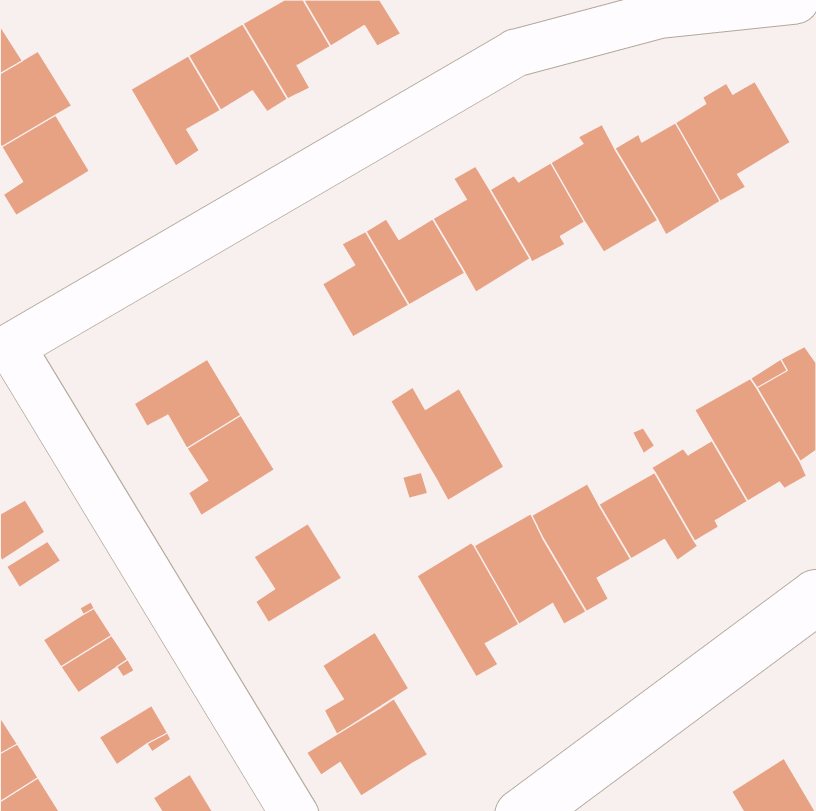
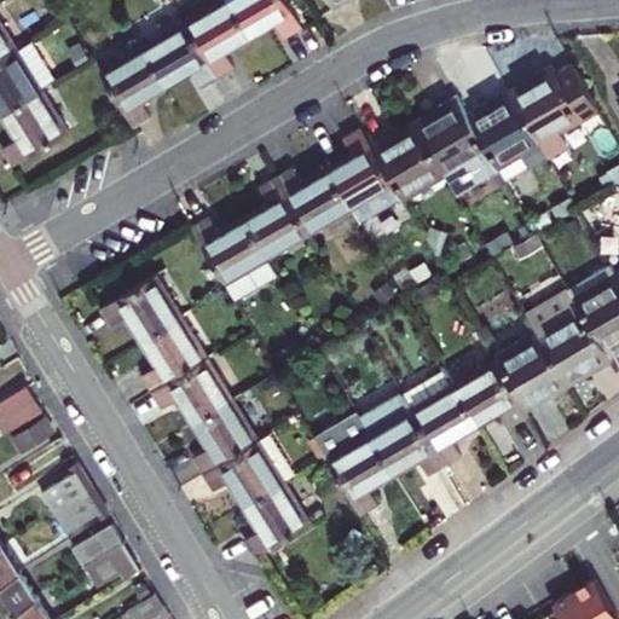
building: [390,387,504,500] -> [192,218,278,303]
building: none -> [152,359,233,426]
building: none -> [63,517,115,562]
building: [306,699,428,796] -> [203,434,295,508]

